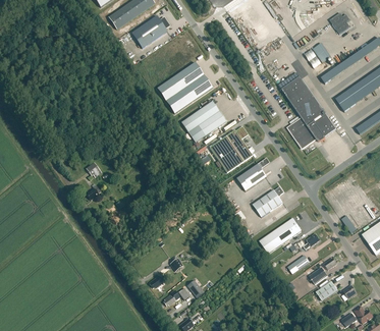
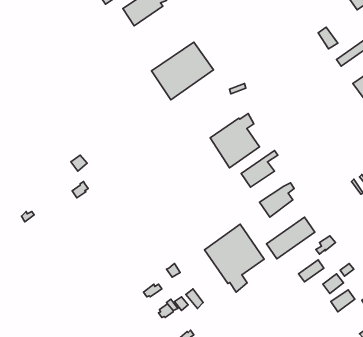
building: [281,76,336,147] -> none
building: [181,101,226,143] -> none
building: none -> [205,224,264,292]

